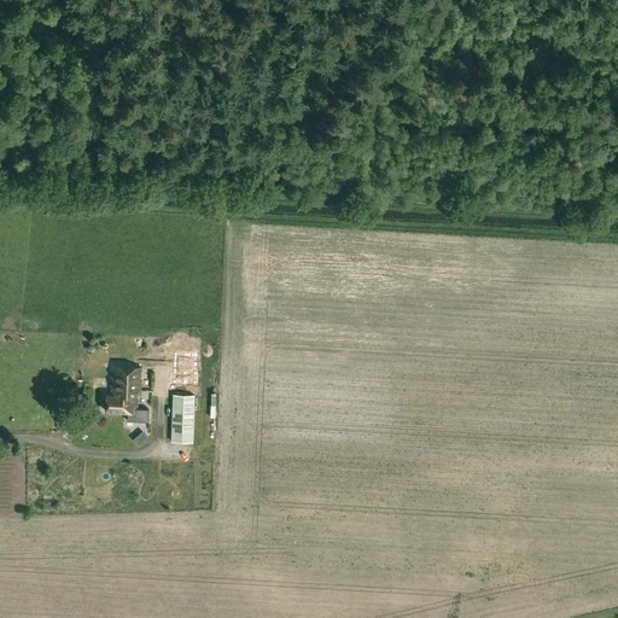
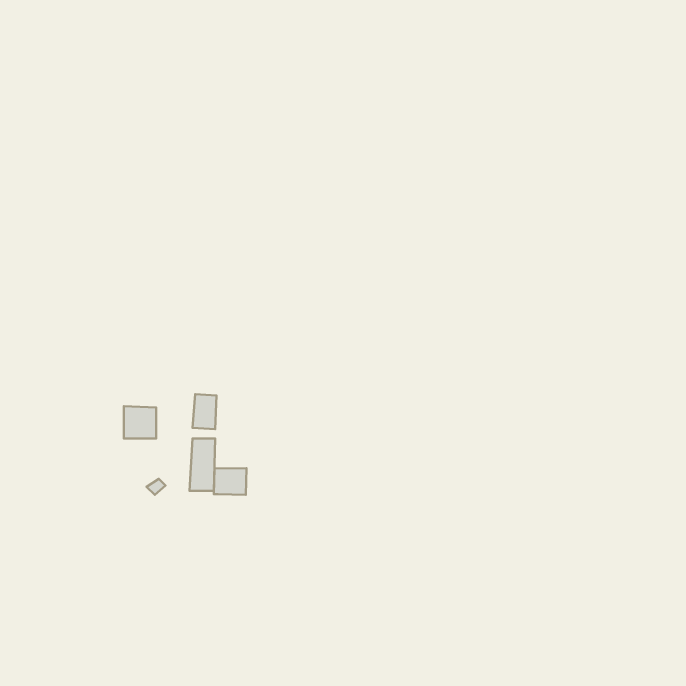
building: [106,393,138,410] -> none
building: none -> [214,468,246,495]

